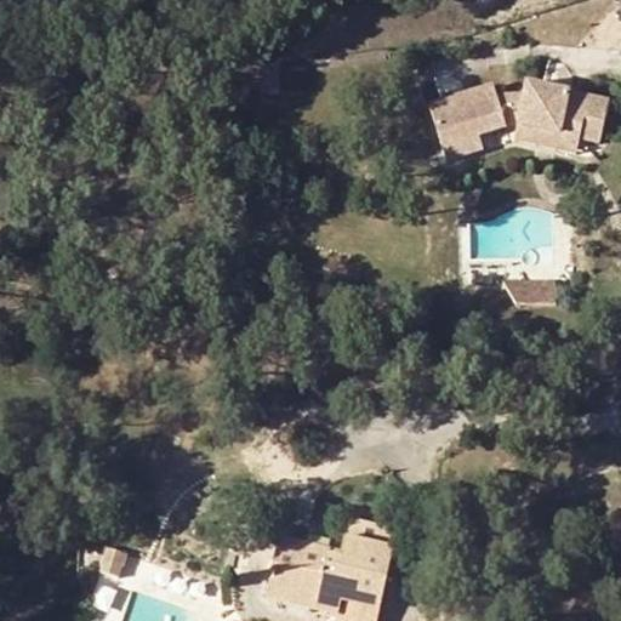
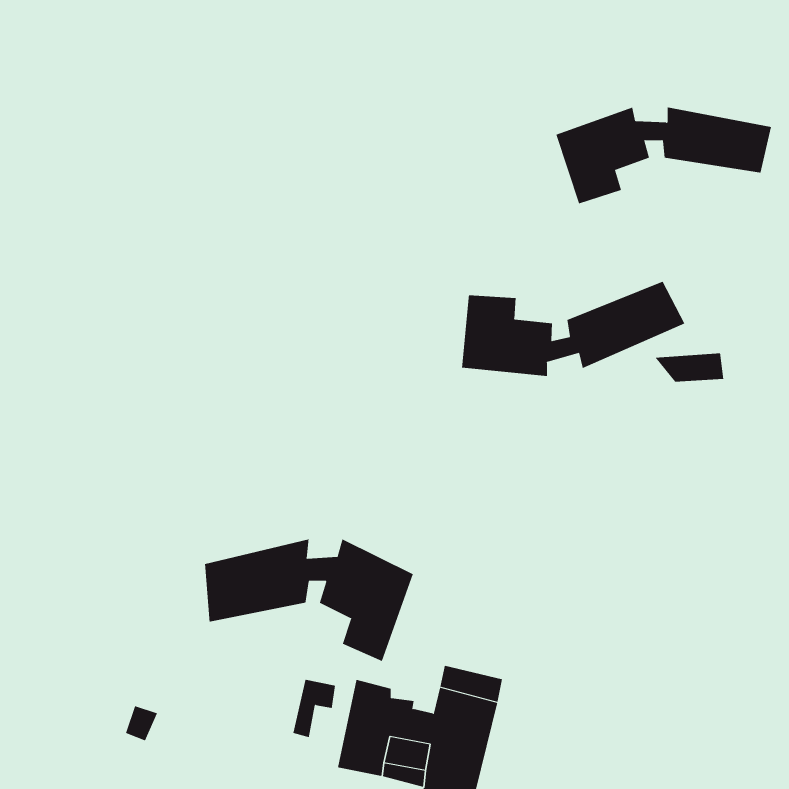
building: none -> [462,281,685,377]
building: none -> [205,538,414,662]

